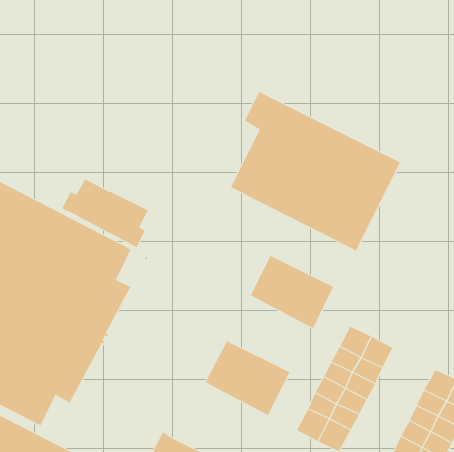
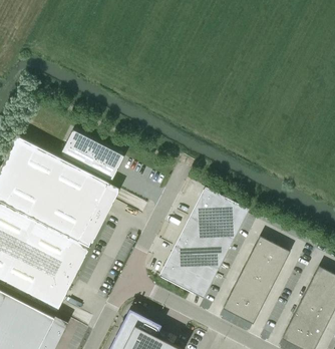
building: [230,91,401,251] -> none
building: none -> [175,216,235,269]

